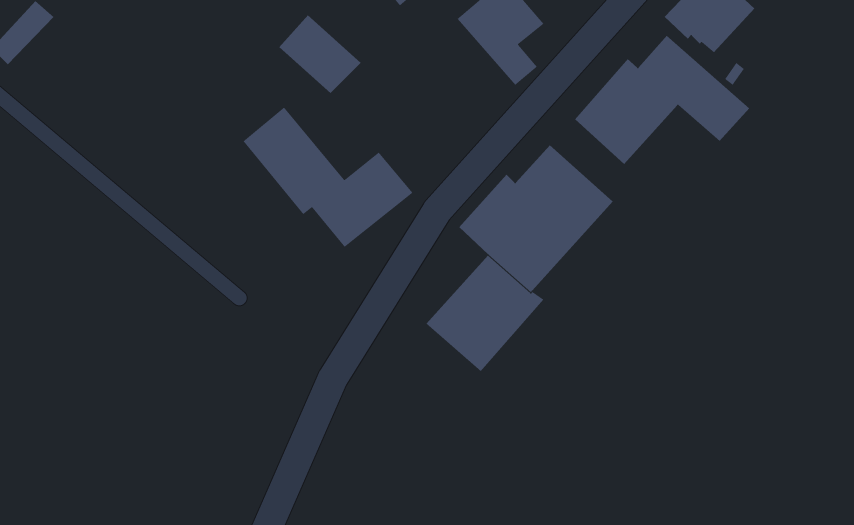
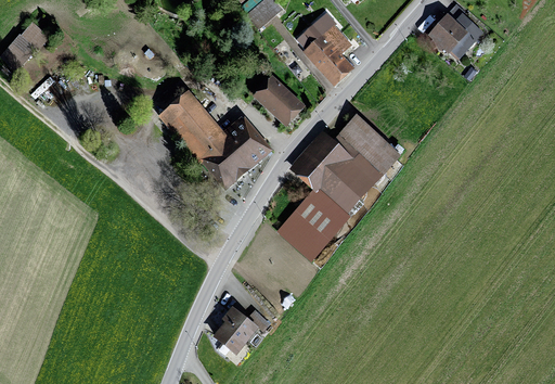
building: [279,14,361,94] -> [257,80,309,130]
building: [574,35,750,165] -> none
building: none -> [216,312,254,351]

